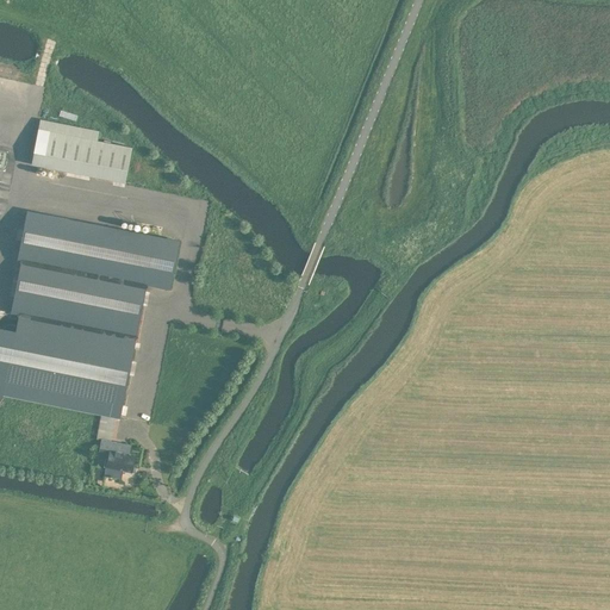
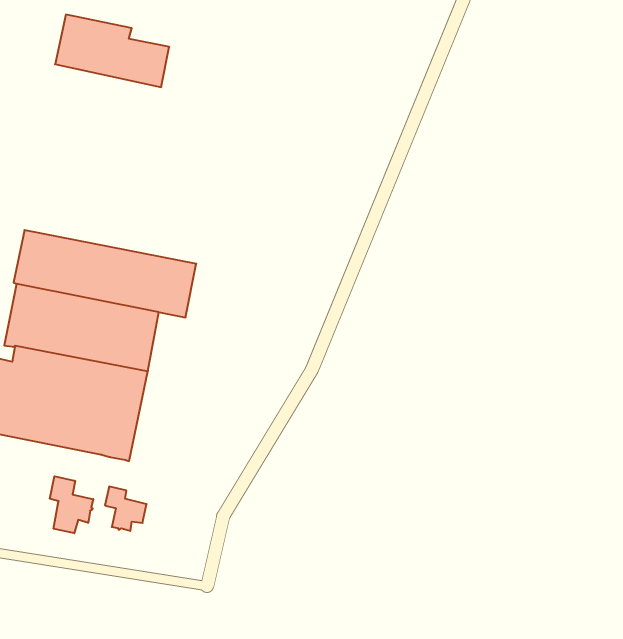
building: [30,119,131,183] -> [55,15,169,87]
building: none -> [50,476,93,533]

